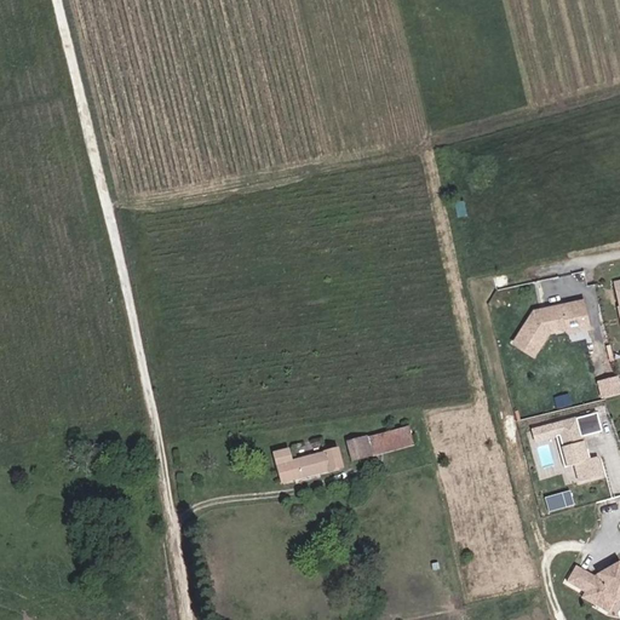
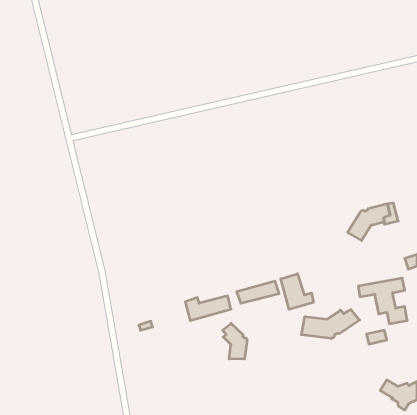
building: none -> [281,274,313,309]
building: none -> [301,310,360,339]
building: none -> [223,323,247,359]

